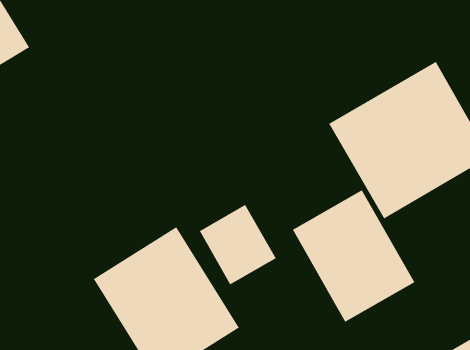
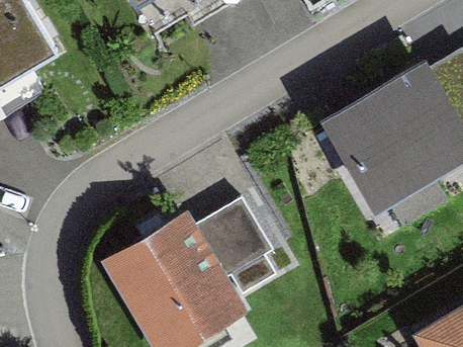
building: [292,189,415,323] -> none

